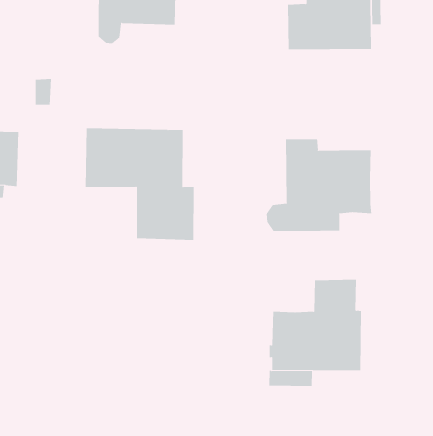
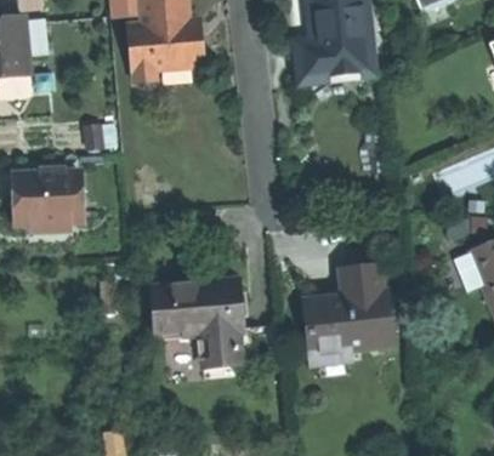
building: [85,128,194,240] -> [153,281,256,378]
building: [266,138,372,232] -> none

